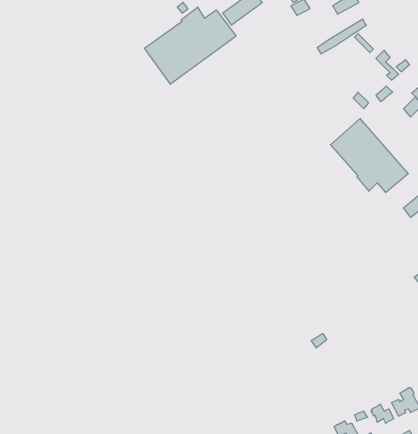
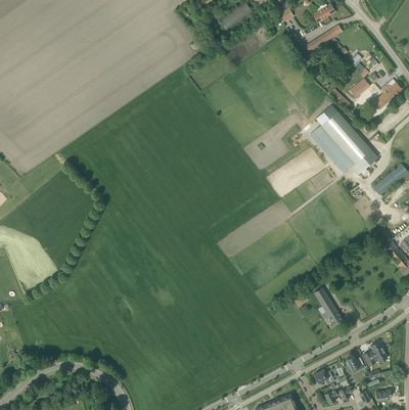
building: [144,7,236,84] -> none
building: none -> [314,286,343,325]

